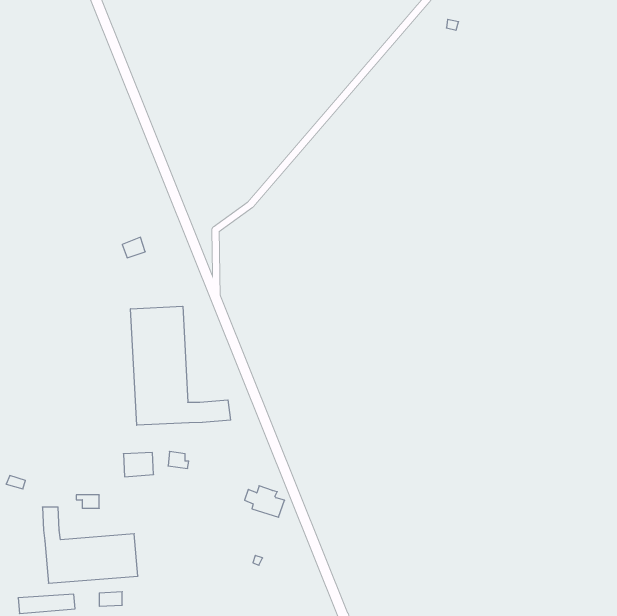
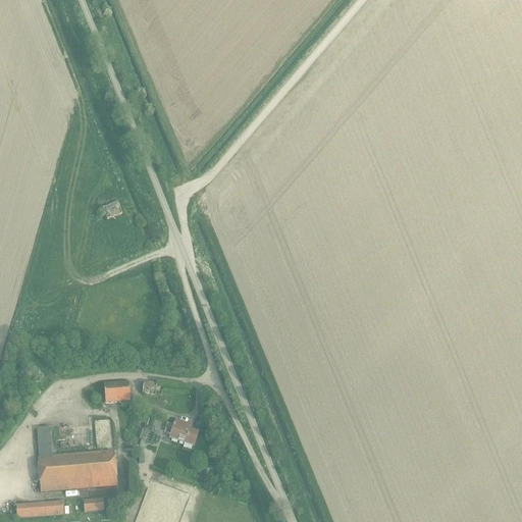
building: [131,306,231,425] -> none
building: [245,486,285,517] -> [165,418,199,445]

